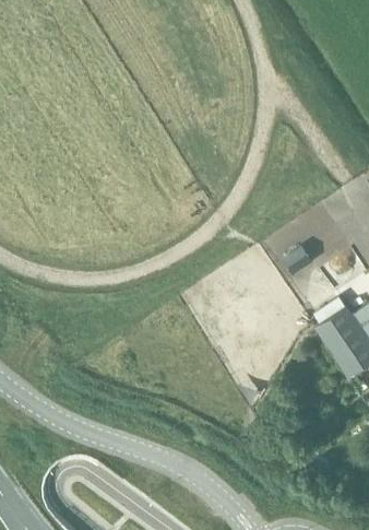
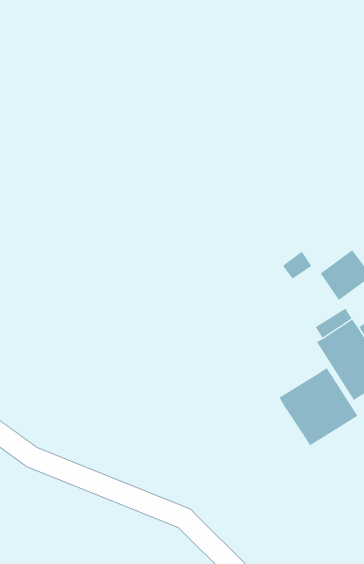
building: none -> [279,367,358,446]

